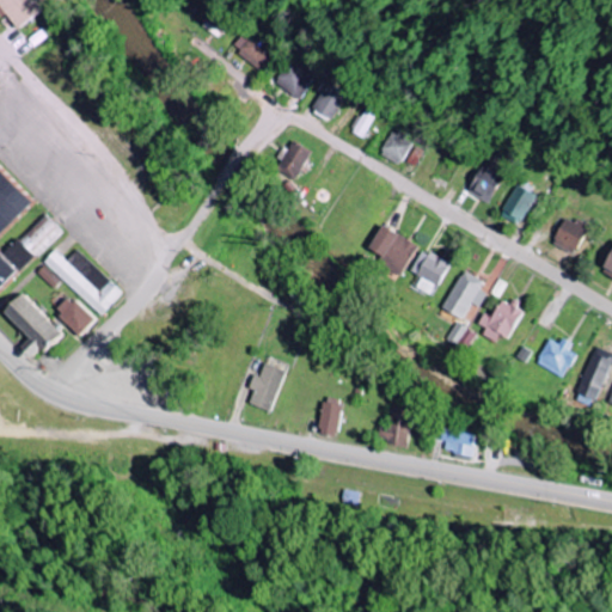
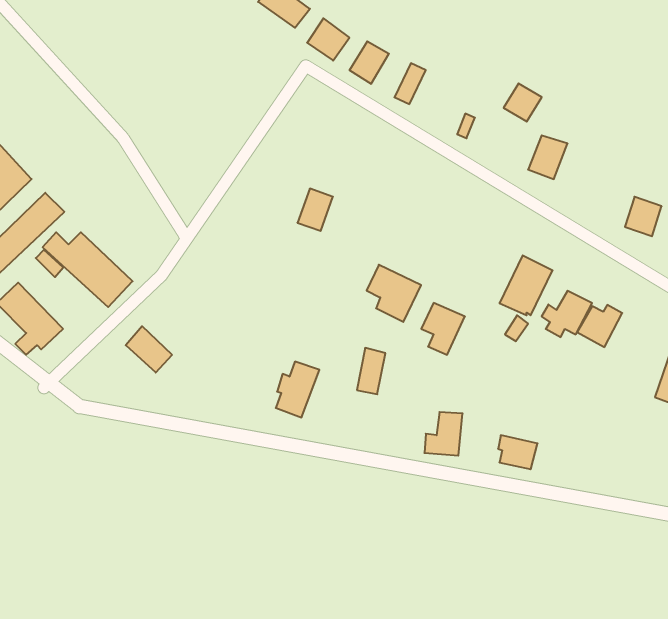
building: [378,130,411,164] -> [504,83,542,122]
building: [279,141,310,178] -> [297,189,333,231]
building: [498,184,536,225] -> none
building: [371,225,418,275] -> [367,265,421,322]
building: [411,249,449,294] -> [421,303,465,355]
building: [53,294,93,335] -> [126,326,172,373]
building: [537,337,576,374] -> [577,305,622,347]
building: [316,396,341,436] -> [357,348,385,394]

